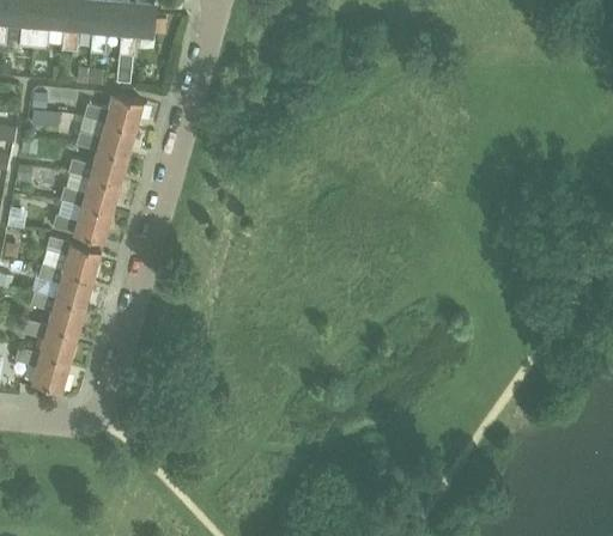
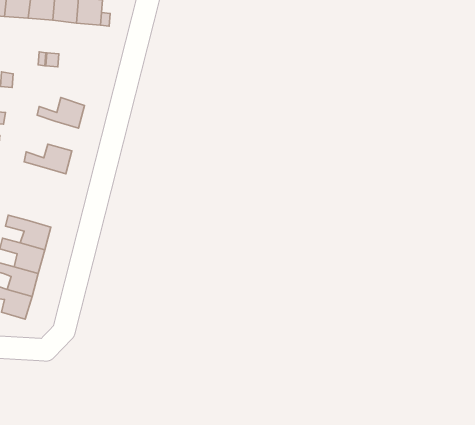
building: [83,96,142,134] -> none
building: [67,153,126,189] -> none
building: [51,208,110,244] -> none
building: [45,239,99,281] -> none

